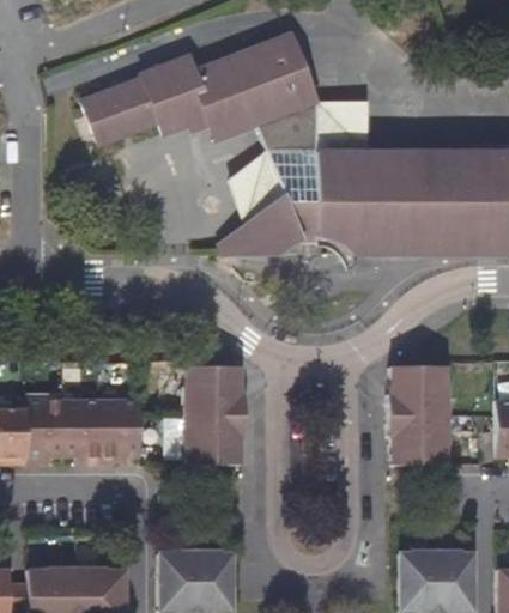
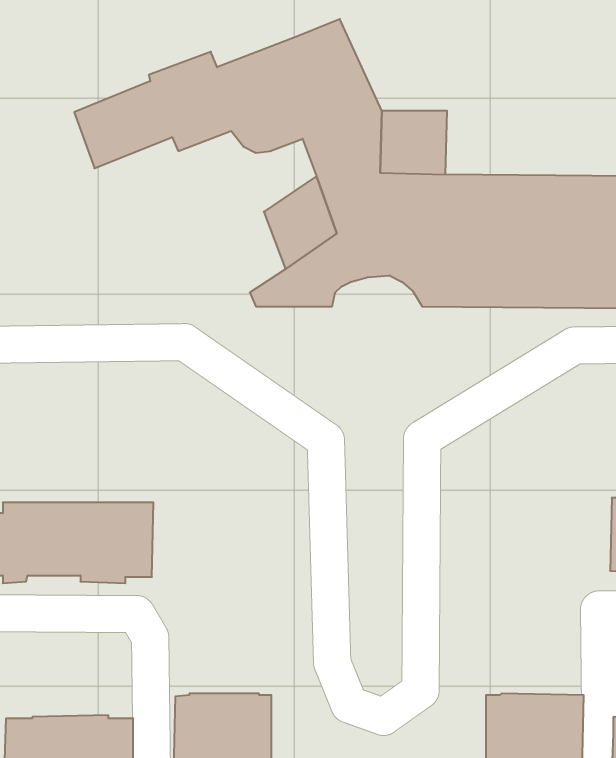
building: [387,366,448,466] -> none
building: [184,368,244,466] -> none

